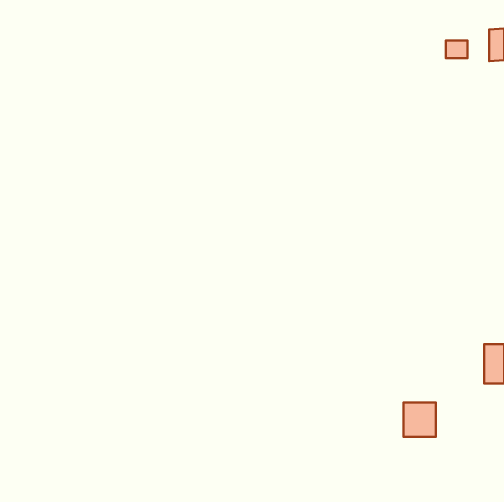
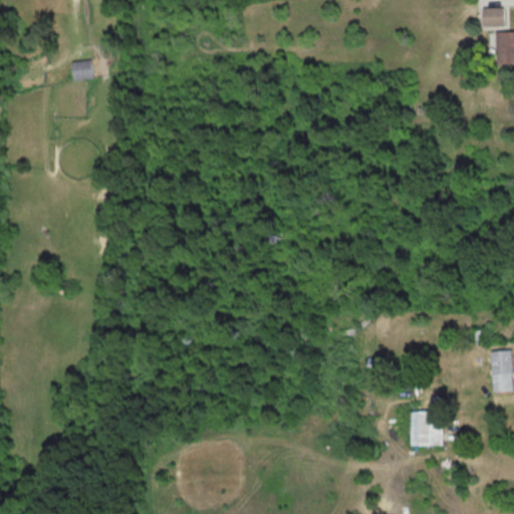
building: [446,40,468,58] -> [485,9,507,27]
building: none -> [71,61,93,81]

